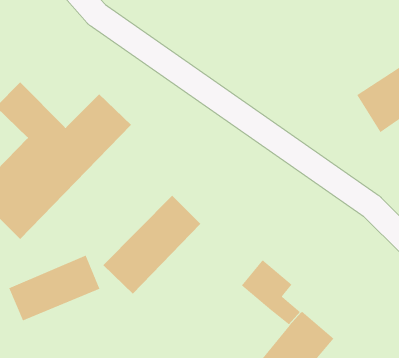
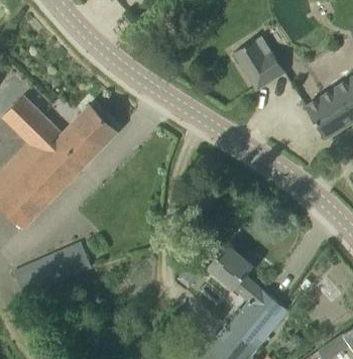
building: none -> [234,40,285,90]
building: [102,195,201,294] -> none

